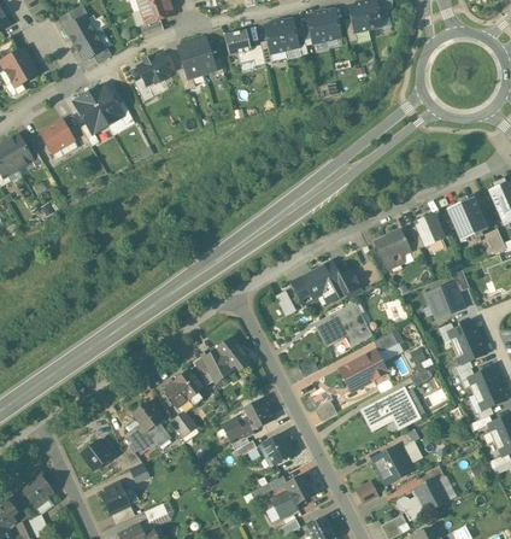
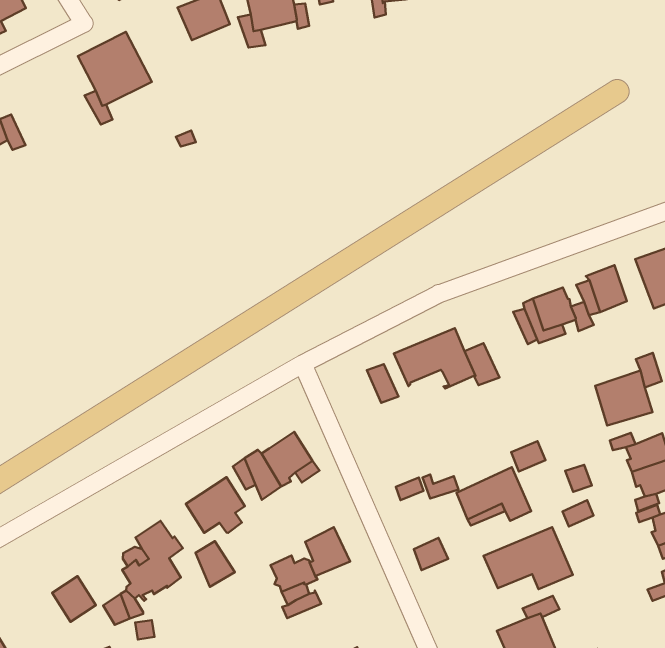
building: [40,119,74,152] -> none
building: [316,305,371,342] -> none
building: [262,433,293,465] -> none

